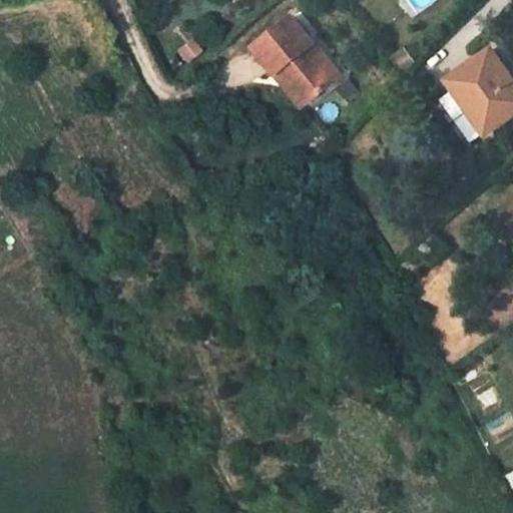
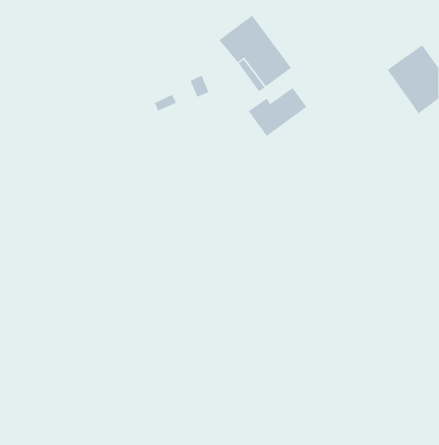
building: none -> [248,87,307,137]

